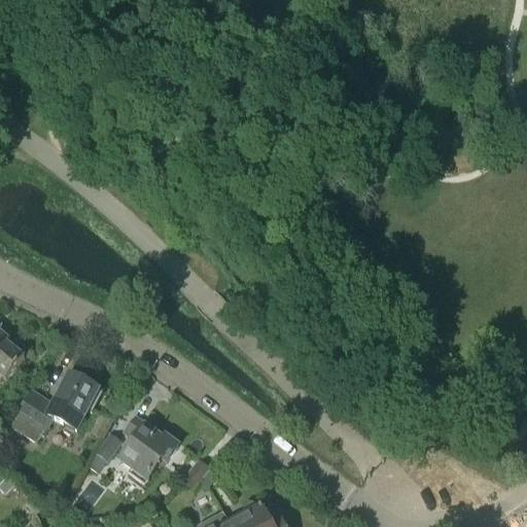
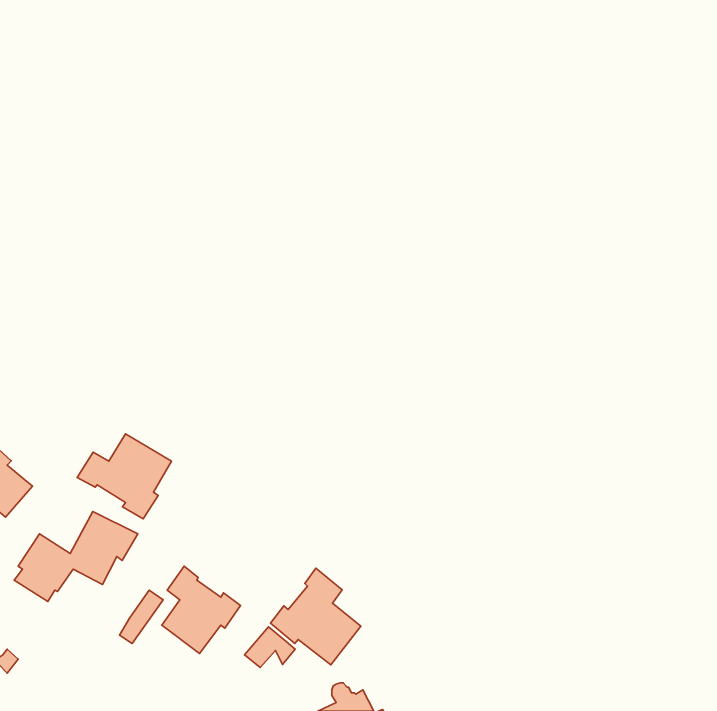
building: none -> [77,434,172,519]
building: none -> [270,568,361,665]

